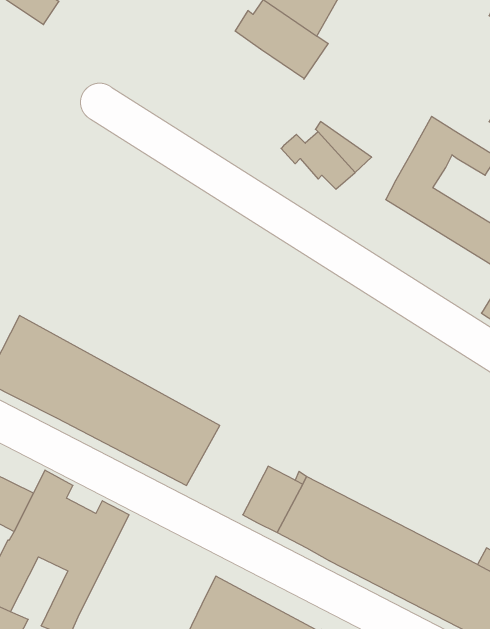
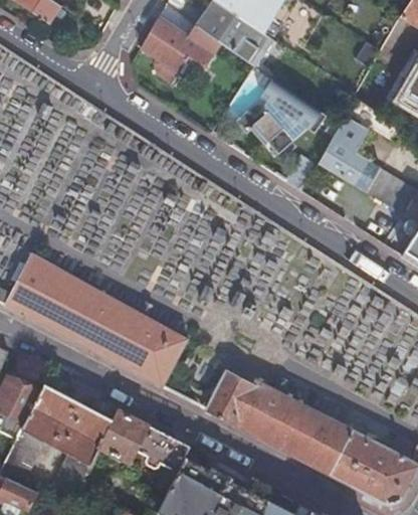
building: none -> [142,17,220,83]
building: none -> [261,78,327,132]
building: none -> [97,409,190,472]

